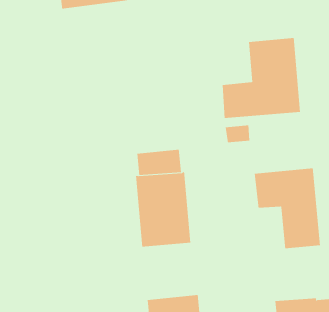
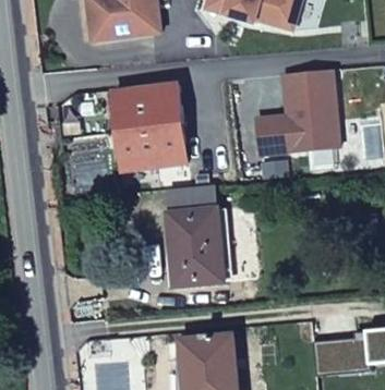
building: none -> [112,85,185,172]
building: [254,167,321,249] -> none

